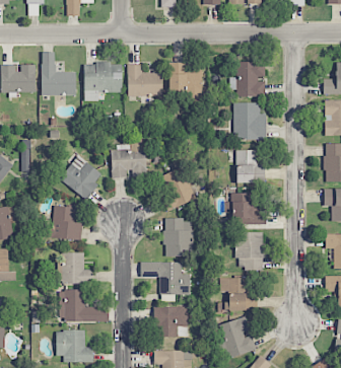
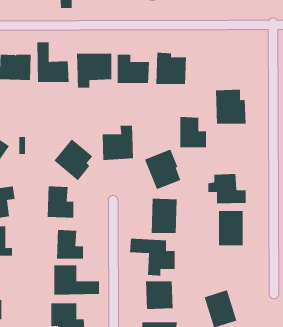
building: [236,62,265,96] -> none
building: [235,149,265,182] -> [179,117,207,148]
building: [217,277,249,310] -> none

